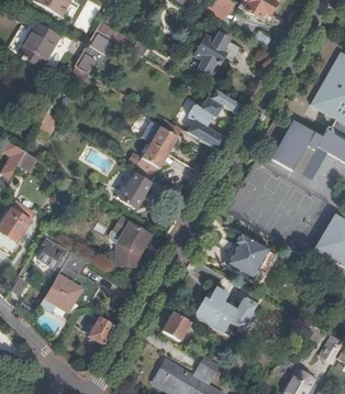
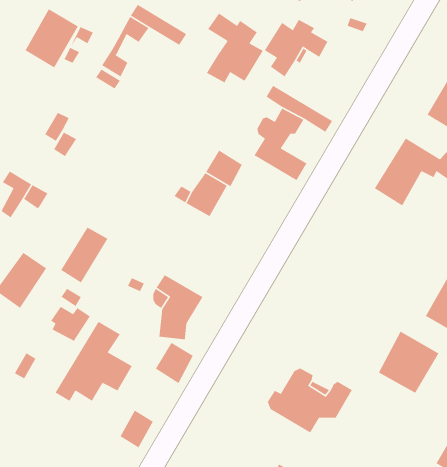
building: none -> [206,12,264,84]
building: [120,167,155,209] -> [60,226,108,284]
building: [225,236,270,282] -> [378,331,439,394]
building: [164,311,192,342] -> [155,342,194,384]

